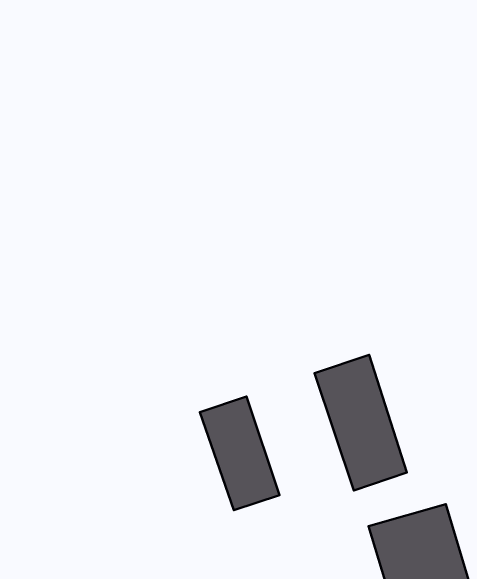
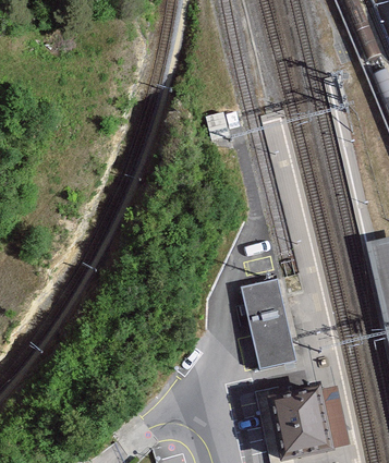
building: [200,397,280,510] -> none

